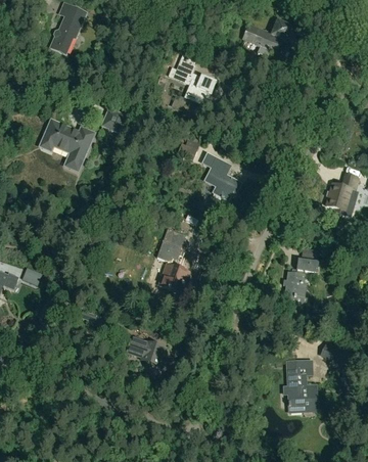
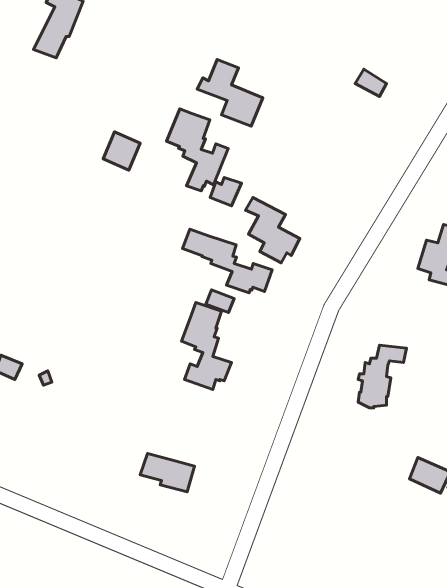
building: [243,22,290,57] -> none
building: none -> [166,109,228,191]
building: [40,120,94,171] -> none
building: none -> [182,229,272,293]
building: [284,361,317,412] -> none

